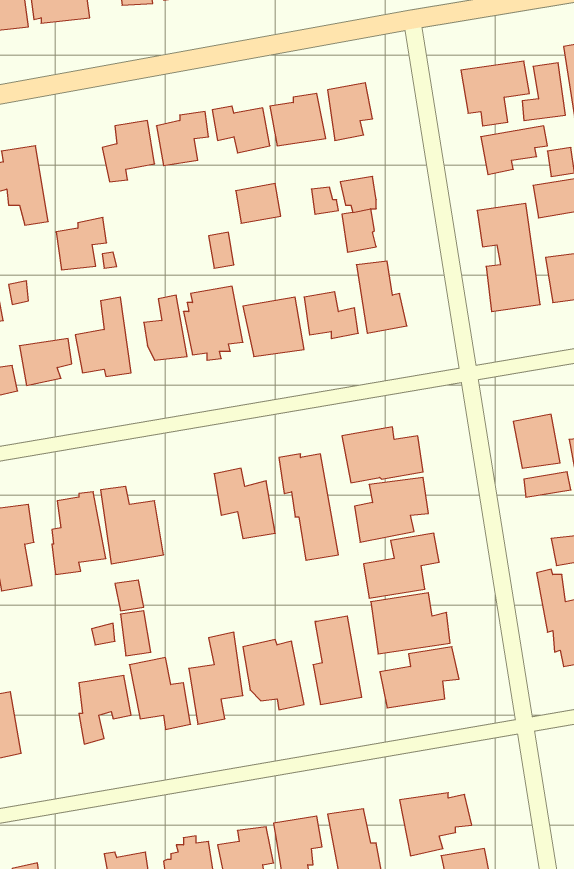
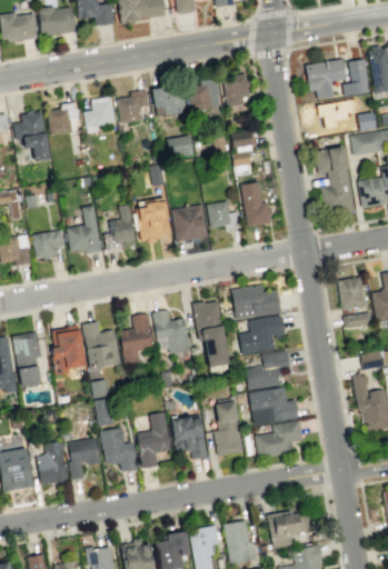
building: [56,217,107,270] -> [48,102,79,134]
building: none -> [120,315,152,365]
building: none -> [37,441,68,485]

